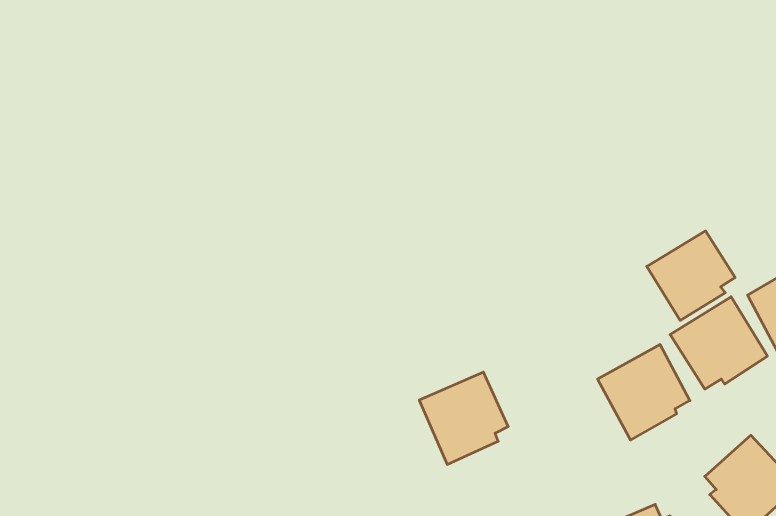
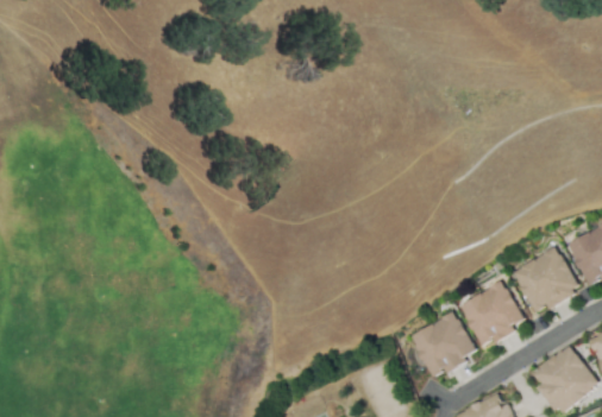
building: [647,231,735,320] -> none
building: [419,372,508,464] -> [408,312,472,379]

